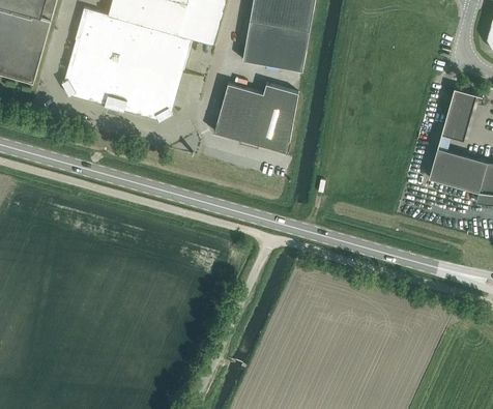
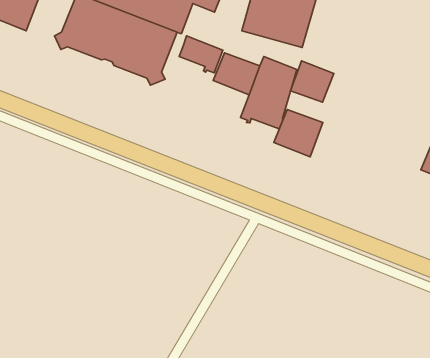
building: none -> [291,61,334,102]
building: [214,111,256,144] -> [179,36,223,73]
building: none -> [274,110,323,157]

